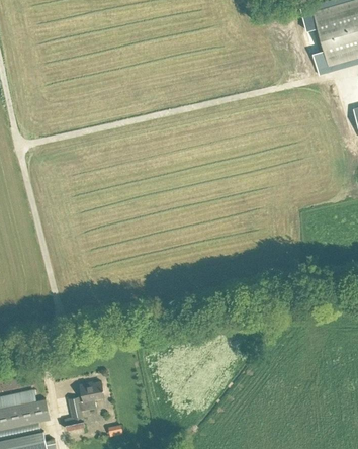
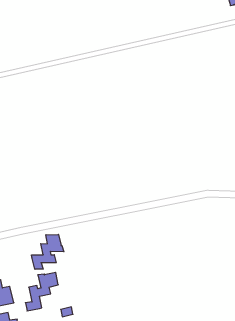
building: none -> [32,234,64,269]

